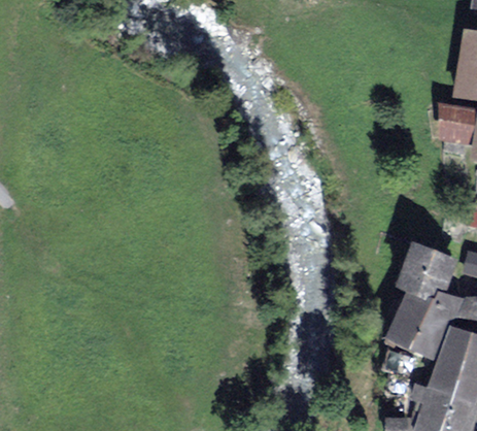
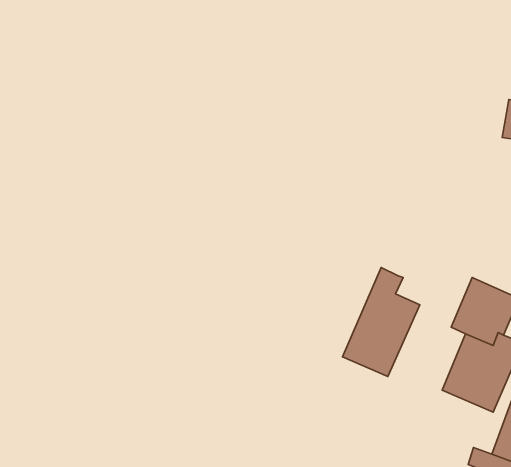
building: none -> [342,267,420,377]

